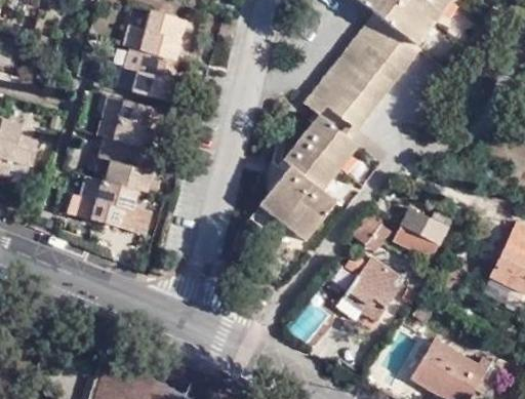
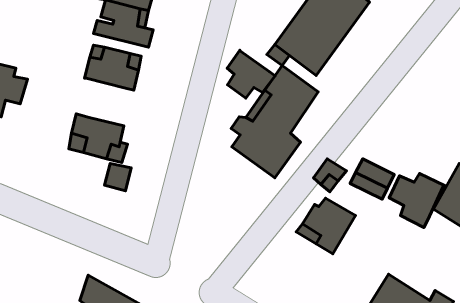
building: none -> [227,50,275,98]
building: [96,124,157,179] -> none
building: none -> [389,174,445,227]

